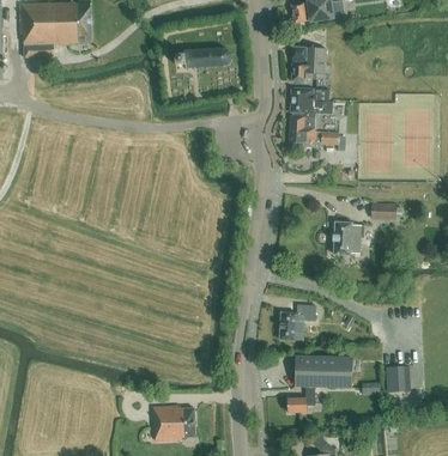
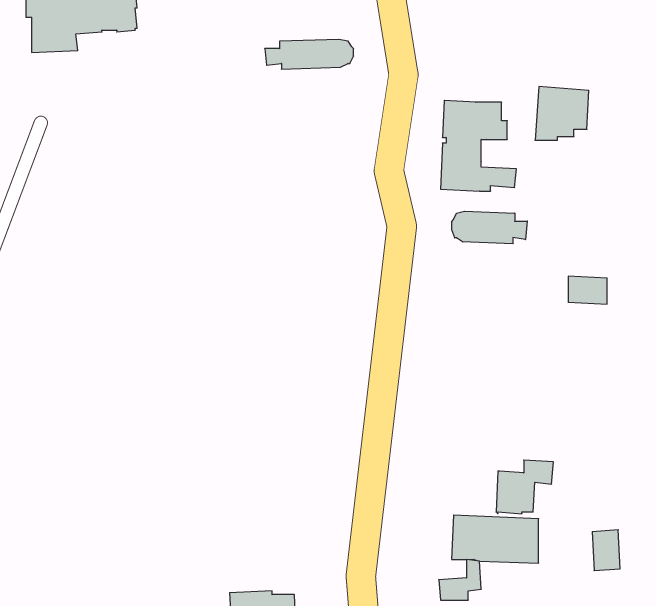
building: [291,45,326,80] -> [535,87,589,140]
building: none -> [452,211,527,244]
building: [334,221,364,254] -> none
building: [279,304,316,339] -> [496,460,553,514]

